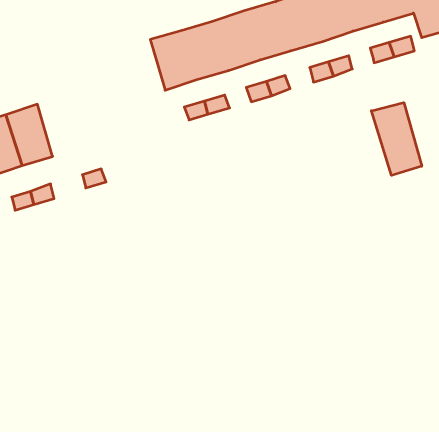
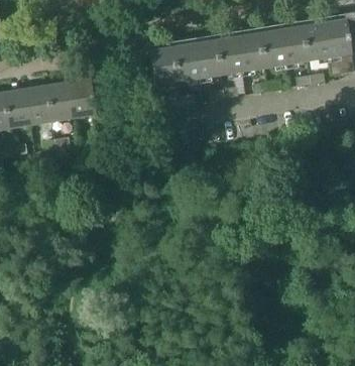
building: none -> [68,78,97,117]
building: [371,103,422,175] -> none

